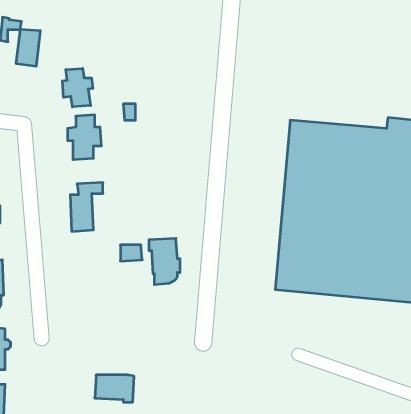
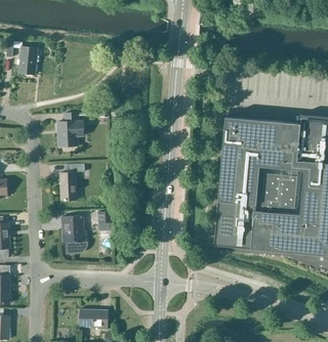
building: [62,68,93,107] -> none
building: [149,238,180,285] -> [62,216,85,251]

